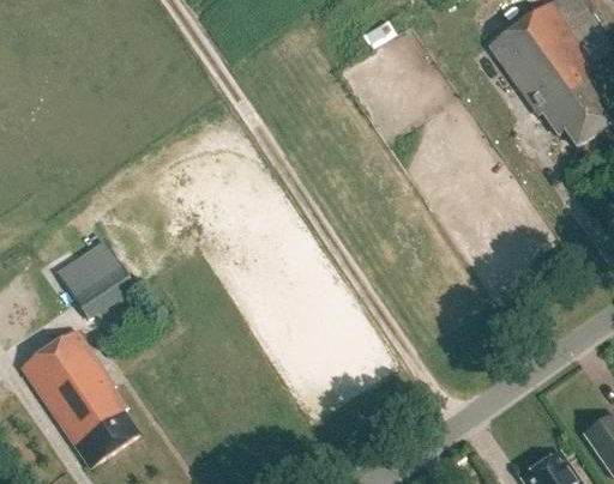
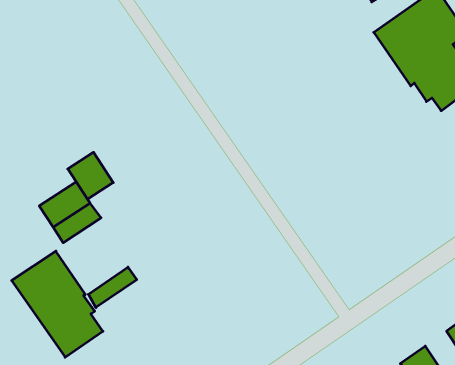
building: none -> [68,152,113,199]
building: none -> [88,267,137,308]

